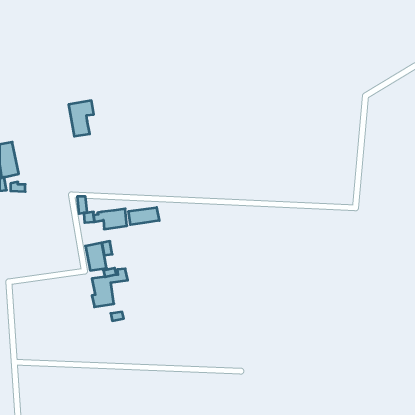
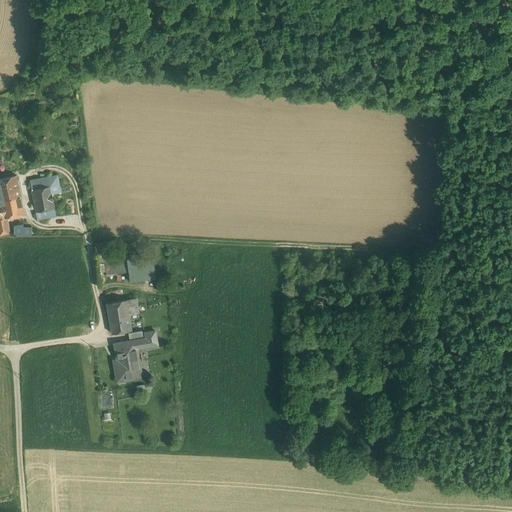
building: [69,101,94,136] -> [29,176,60,220]
building: [129,207,159,225] -> none

